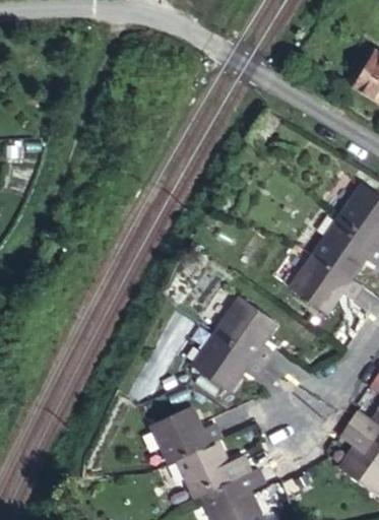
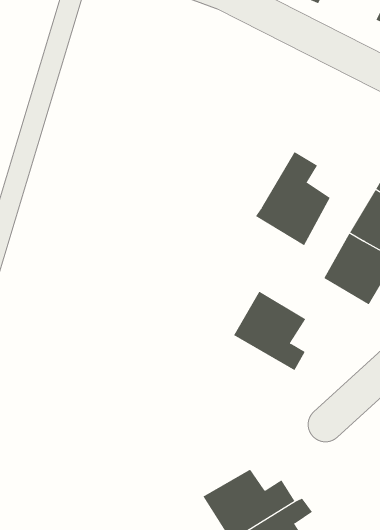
building: none -> [255,151,331,246]
building: [186,328,258,388] -> none
building: [146,401,218,459] -> none

